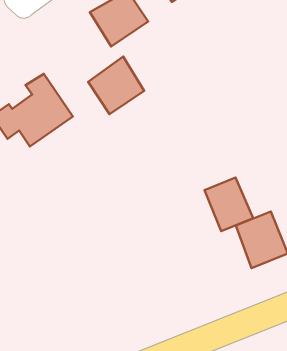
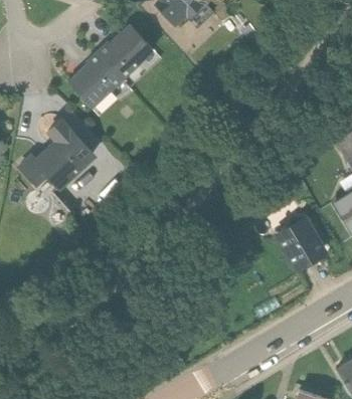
building: [88,56,144,114] -> [65,50,122,109]
building: [205,177,253,231] -> none

